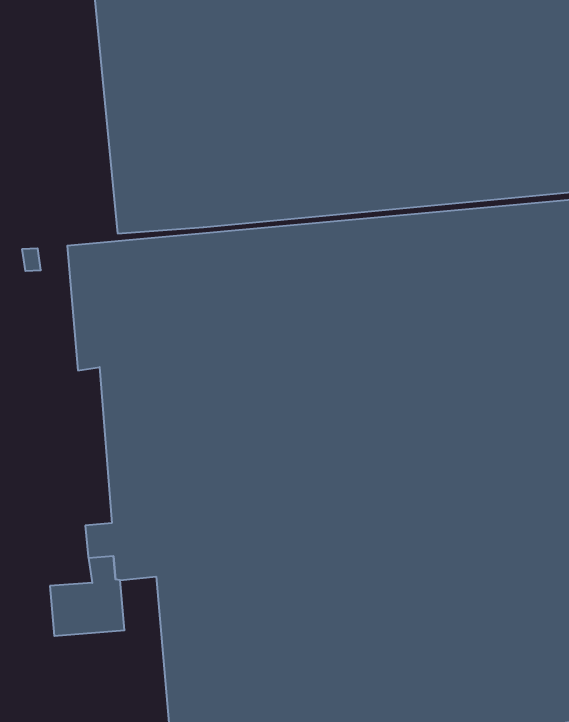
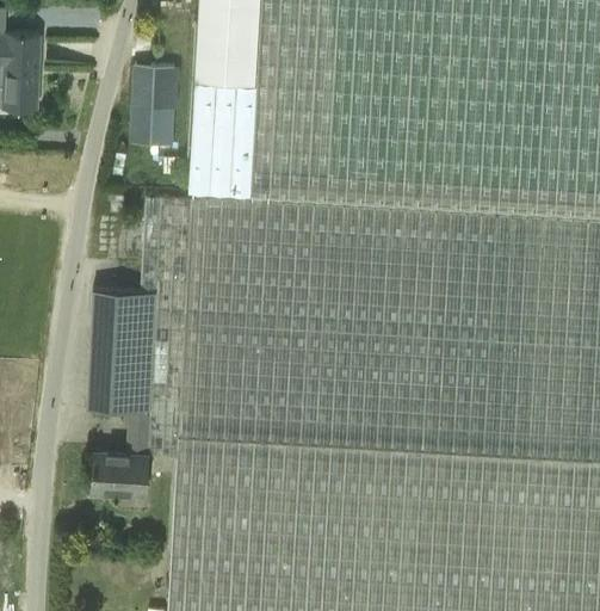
building: none -> [134,61,178,141]
building: none -> [91,286,160,408]

